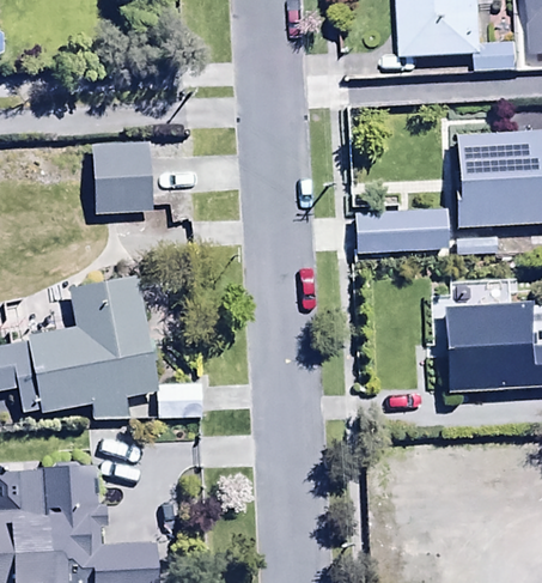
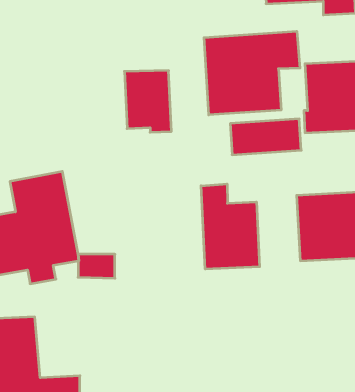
building: none -> [204,31,300,115]
building: [91,139,152,219] -> [124,71,171,132]
building: none -> [201,184,260,269]

